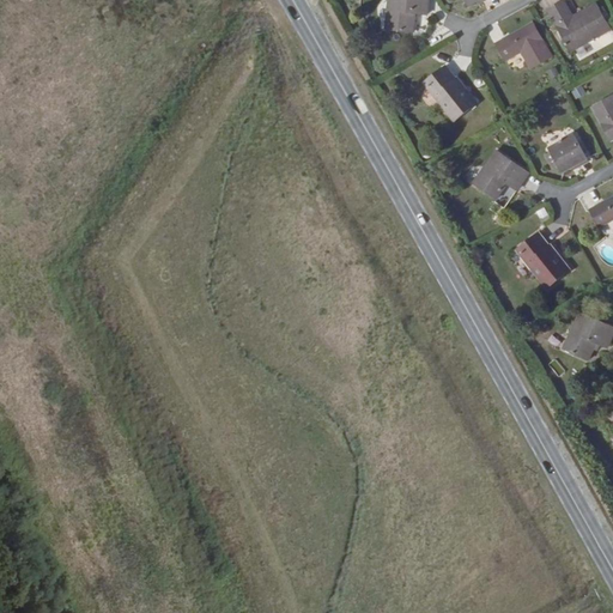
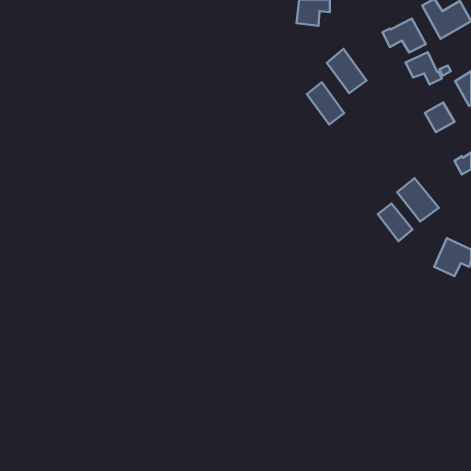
building: none -> [406,52,442,85]
building: none -> [307,82,344,124]
building: [472,148,530,199] -> none
building: none -> [378,203,412,241]

